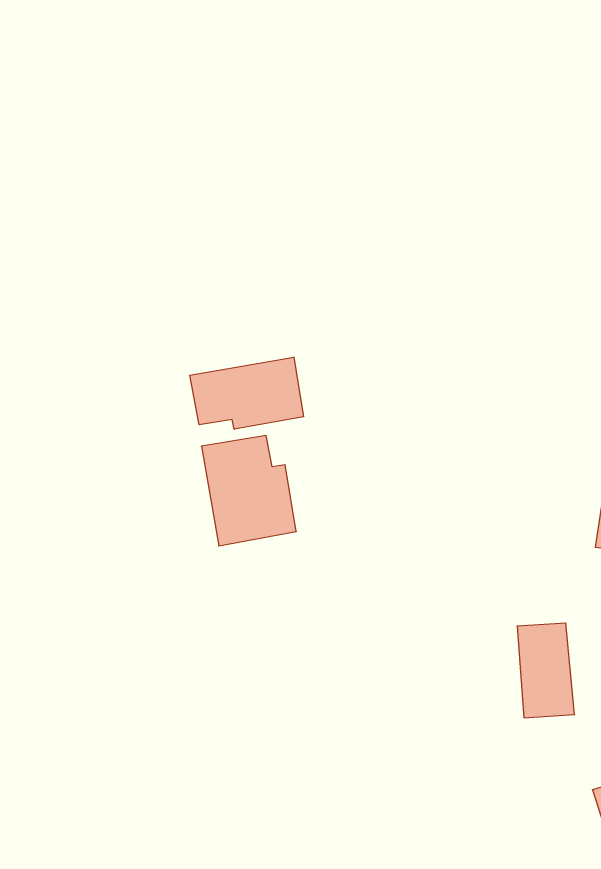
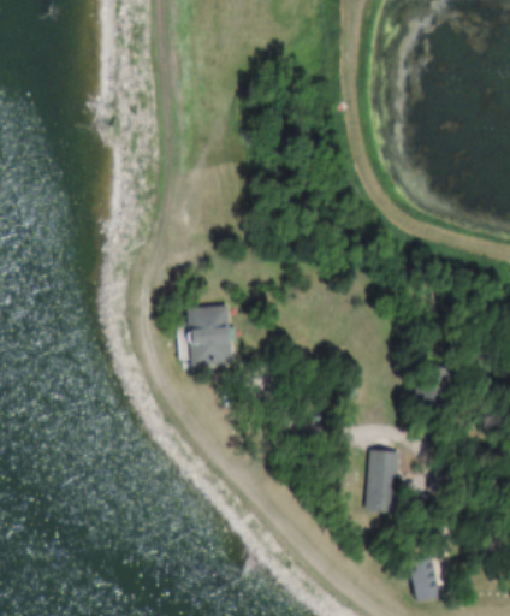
building: [190,357,304,429] -> none

